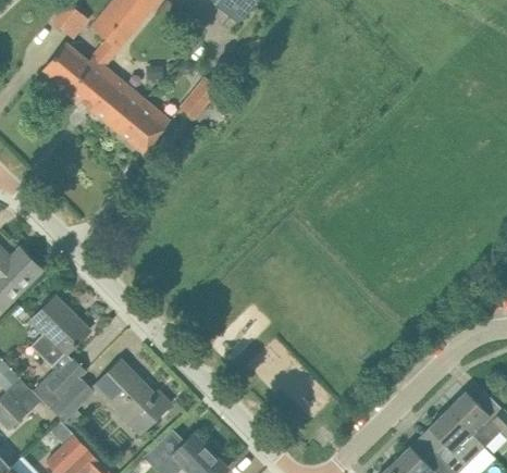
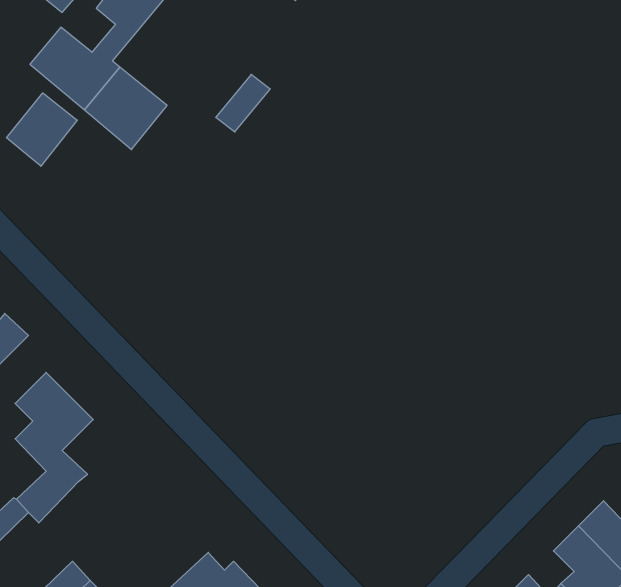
building: none -> [6,93,77,166]
building: [118,99,170,152] -> none
building: [94,359,170,433] -> none
building: [49,376,95,431] -> none

